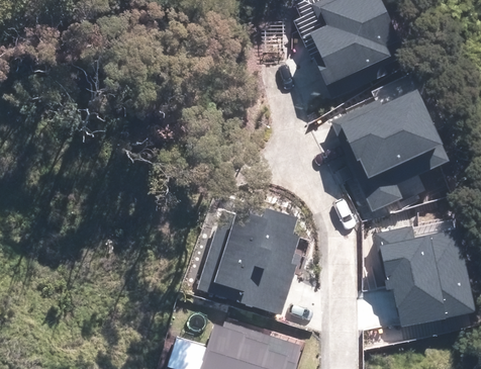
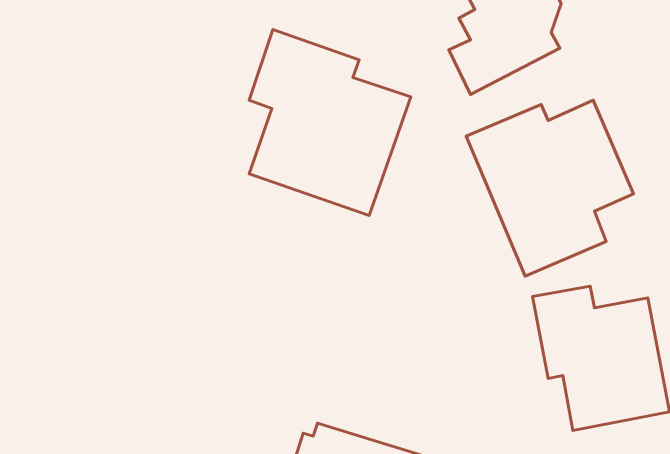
building: none -> [249,29,411,215]
building: [215,200,300,318] -> none

